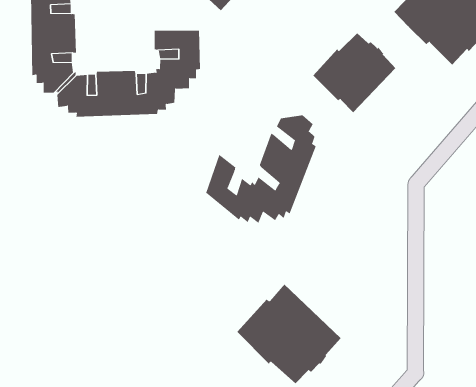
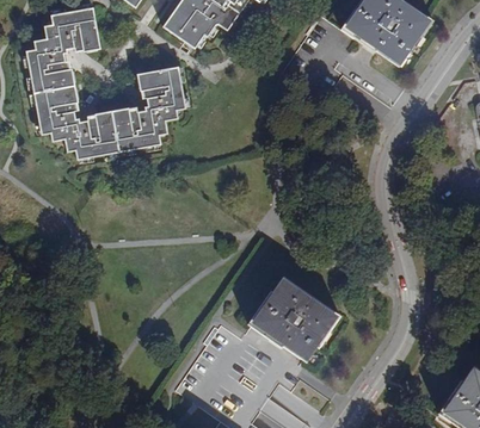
building: [313,32,396,113] -> none
building: [206,114,316,224] -> none

